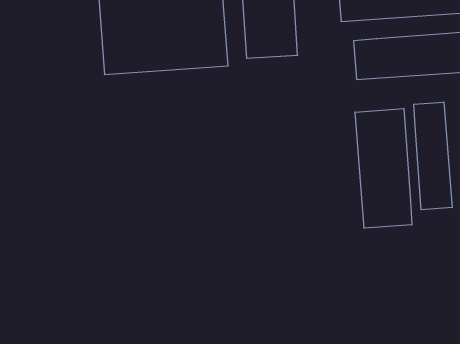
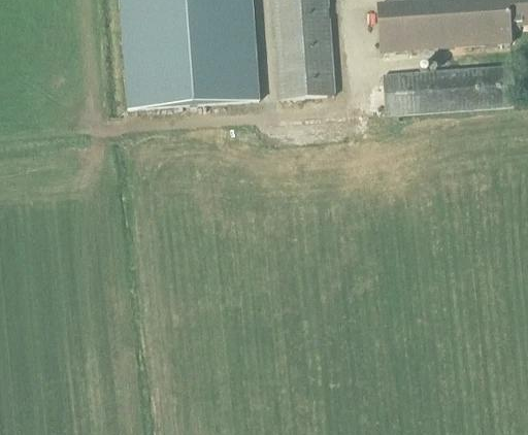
building: [414,102,452,210] -> none
building: [355,108,412,228] -> none

